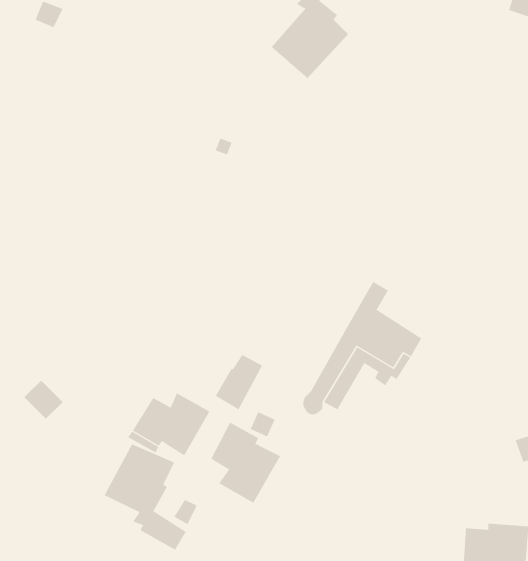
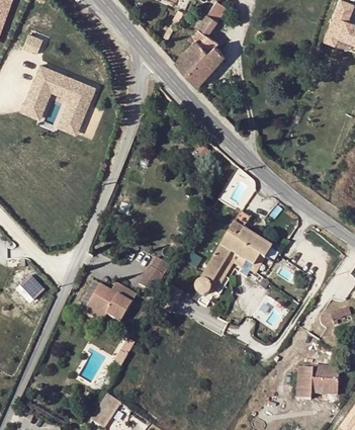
building: none -> [20,62,97,133]
building: [210,422,281,503] -> none
building: [104,444,186,551] -> none

